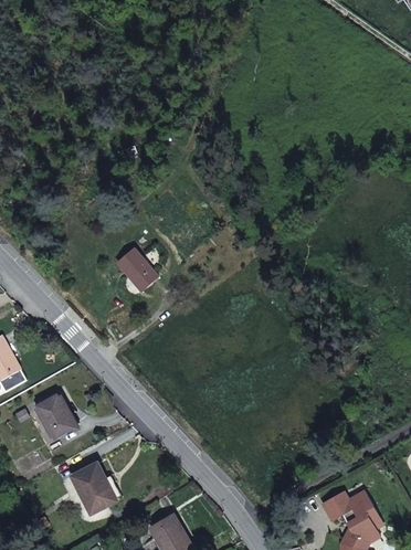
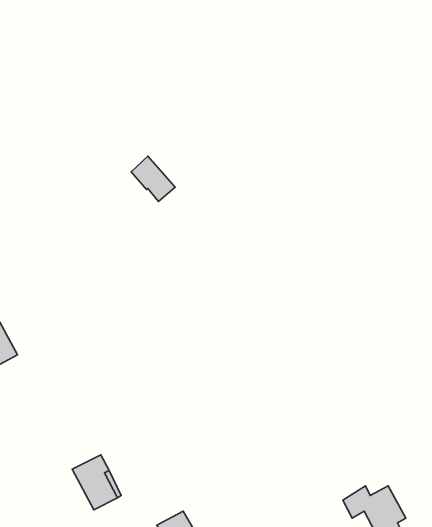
building: [117,248,158,290] -> [131,156,175,201]
building: [36,394,74,437] -> none

